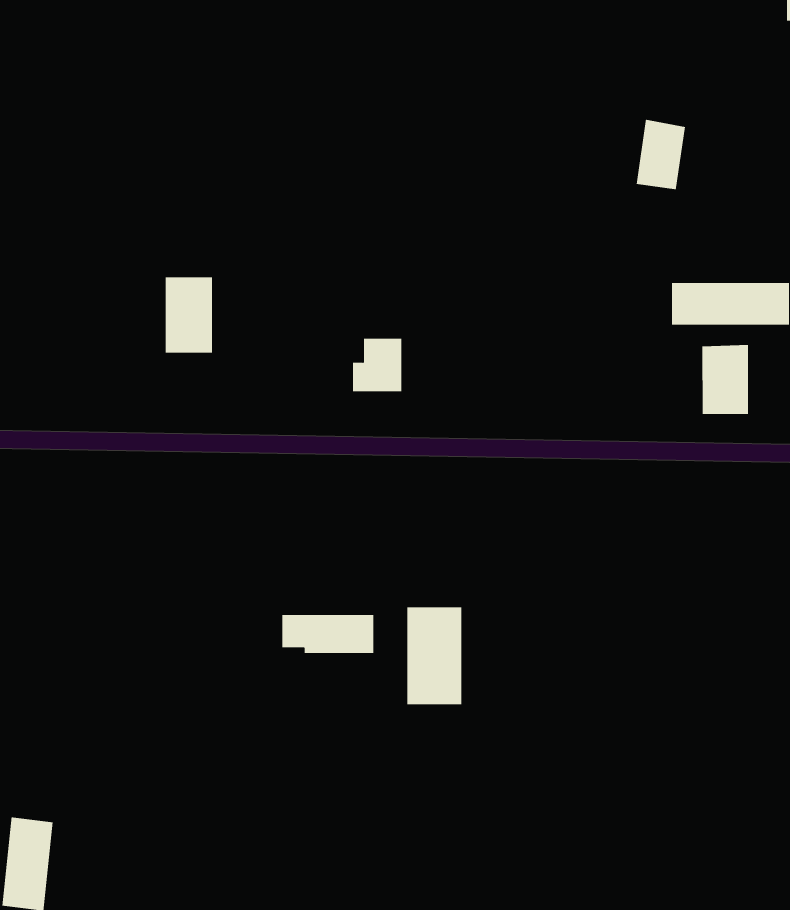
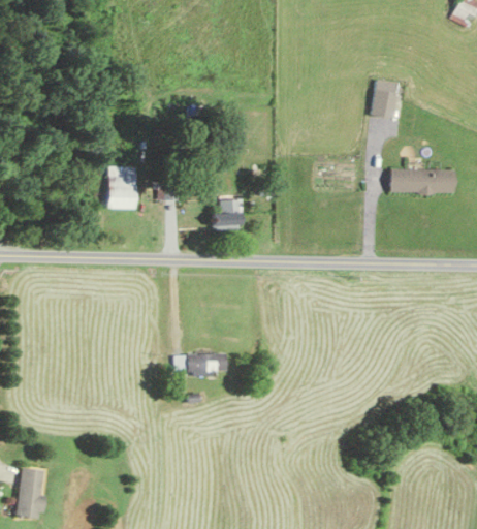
building: [702,344,749,415] -> none
building: [407,606,462,705] -> none

